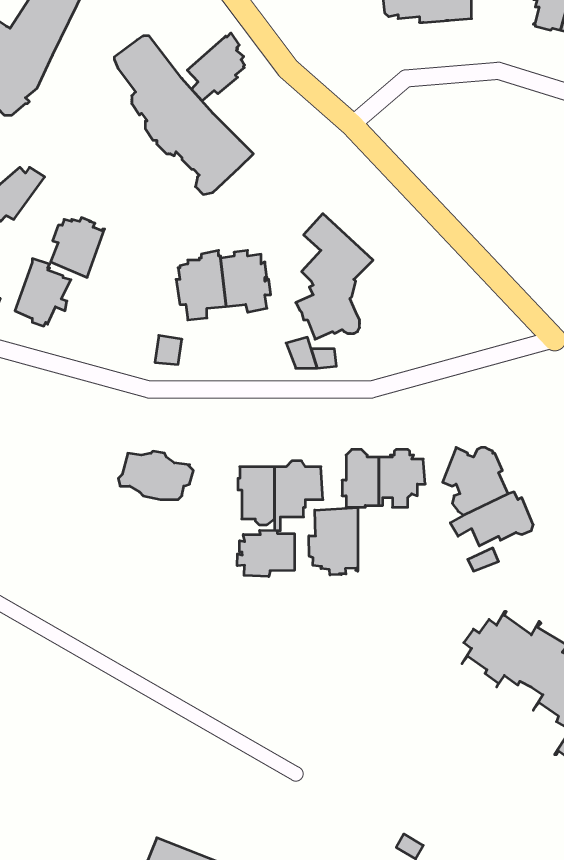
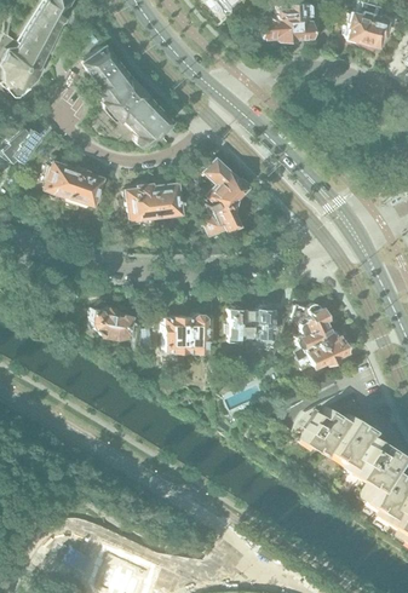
building: [187,33,245,101] -> none
building: [15,259,71,326] -> [69,166,104,208]
building: [309,507,358,575] -> none
building: [237,530,294,577] -> none

